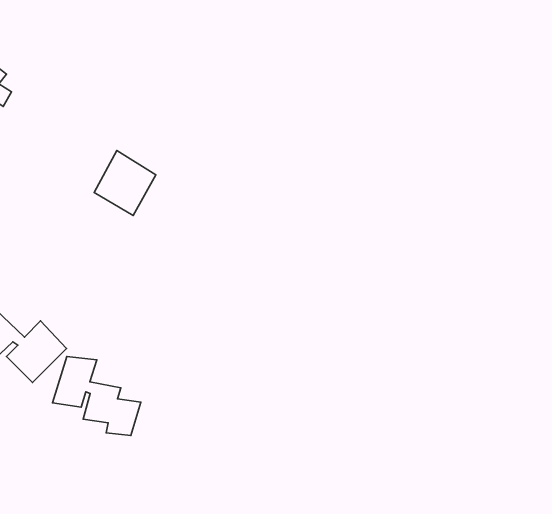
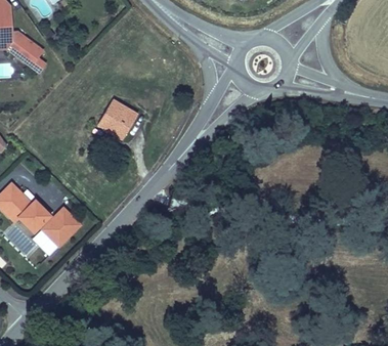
building: [52,356,141,435] -> none

